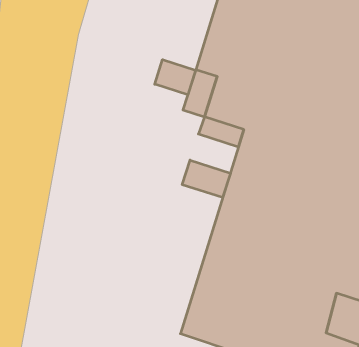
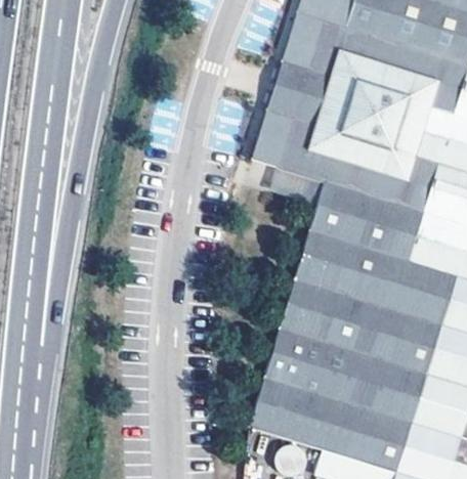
building: [155,60,196,95] -> none
building: [182,160,230,198] -> none

